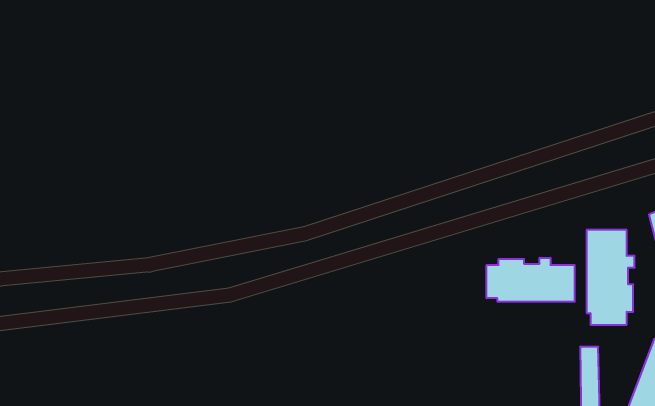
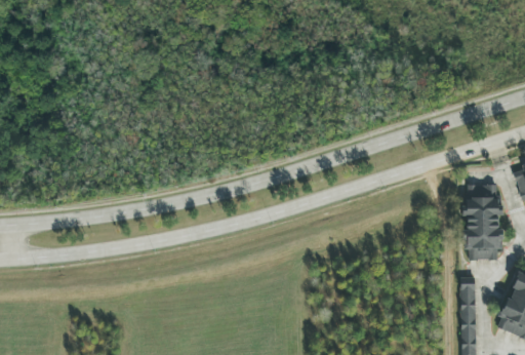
building: [487,258,575,302] -> none

